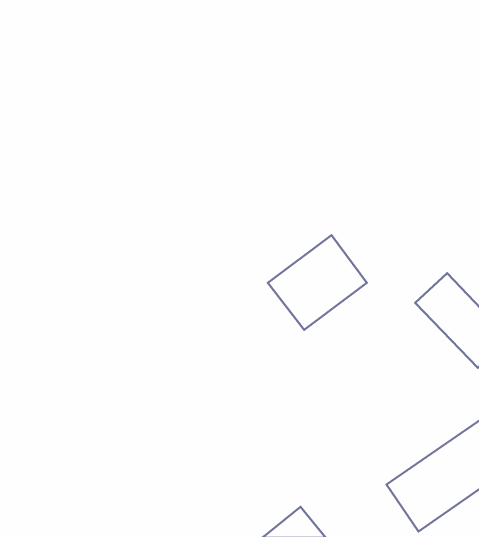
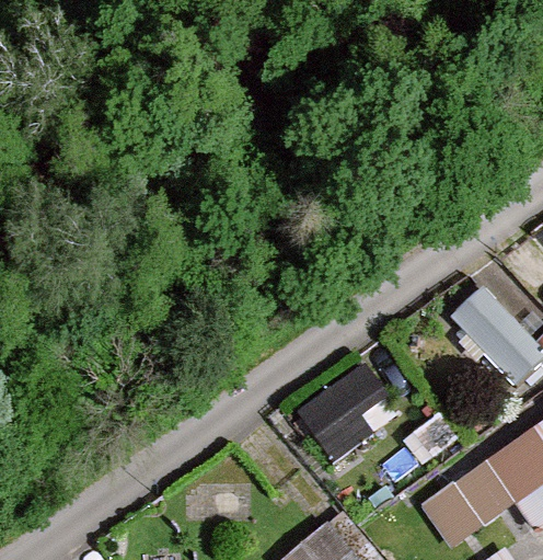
building: [268,235,367,330] -> [294,366,396,464]

